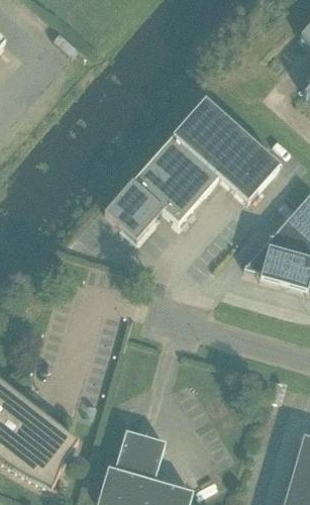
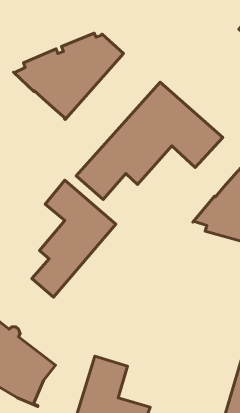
building: none -> [13,33,123,119]
building: none -> [32,180,116,297]

